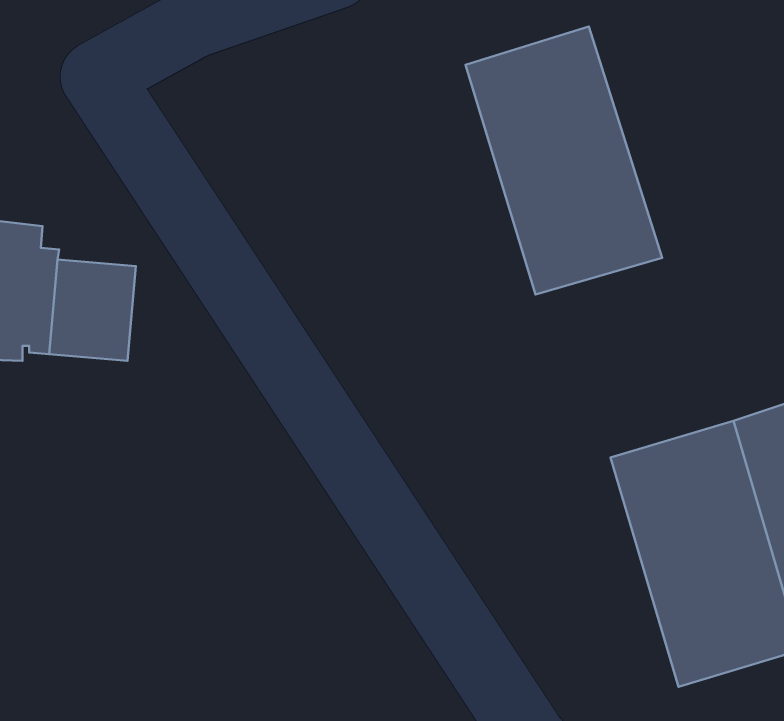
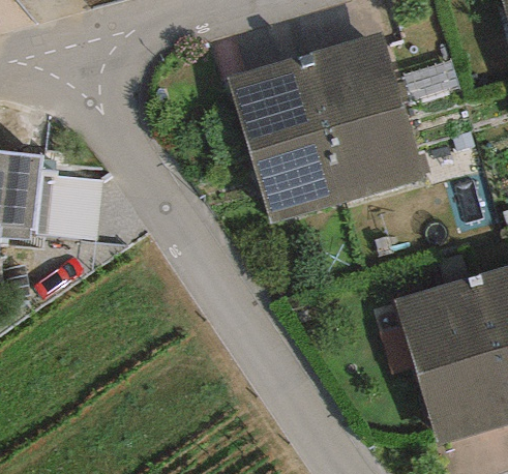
building: none -> [228,56,348,223]

